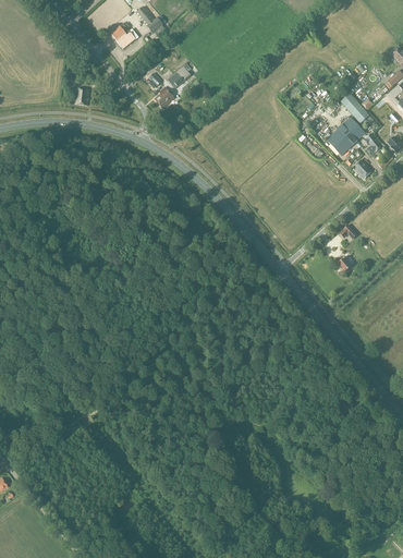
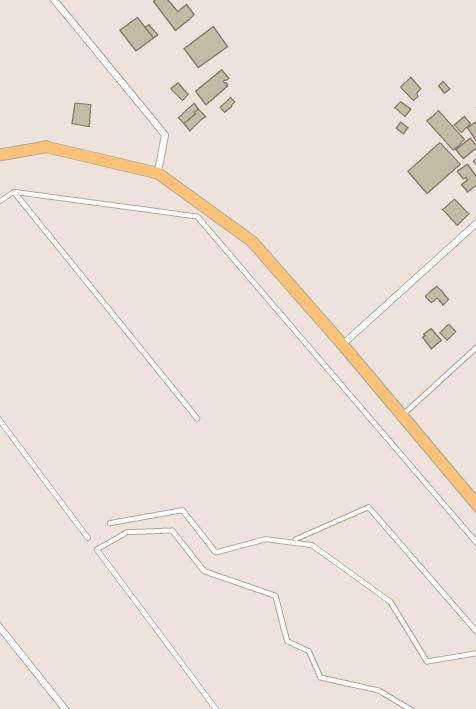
building: none -> [184,26,228,68]

